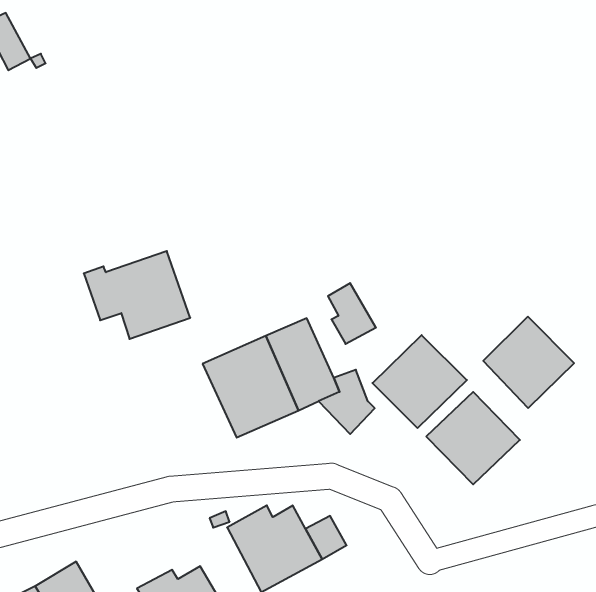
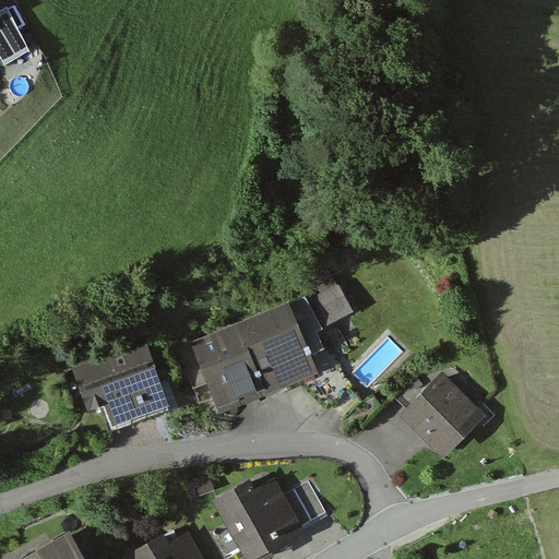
building: [84,251,190,339] -> [70,344,169,426]
building: [483,317,574,408] -> none
building: [372,335,467,428] -> none

